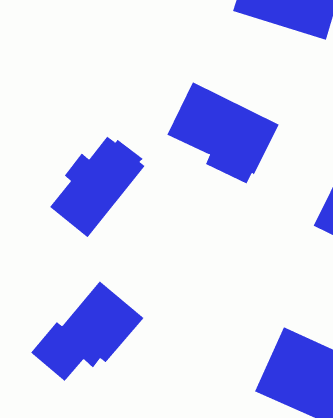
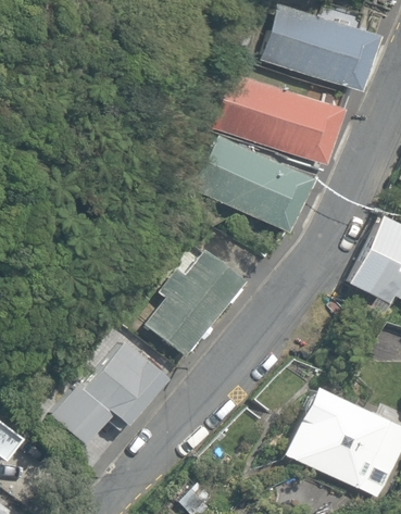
building: none -> [213,72,341,163]
building: [49,136,145,238] -> [146,249,246,355]

